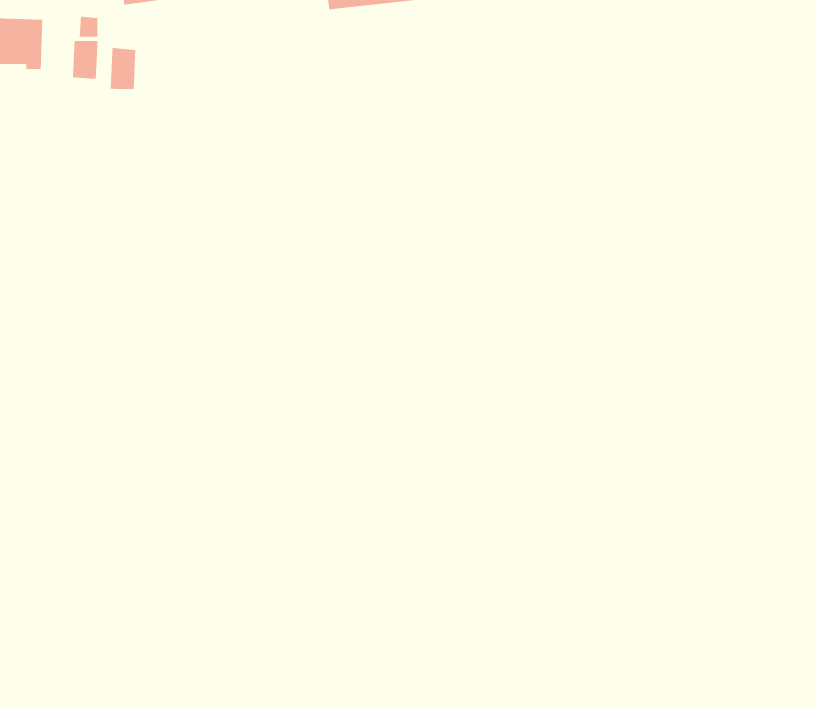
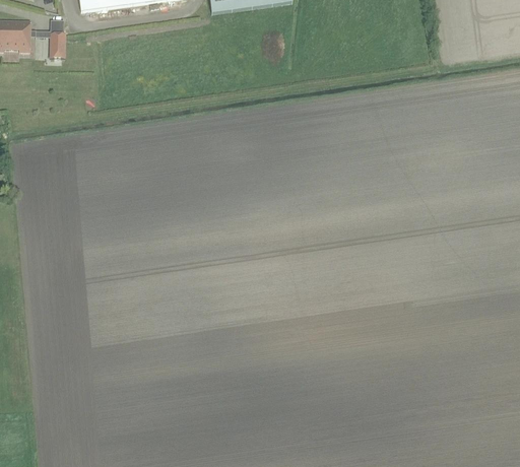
building: [110,47,136,90] -> none

